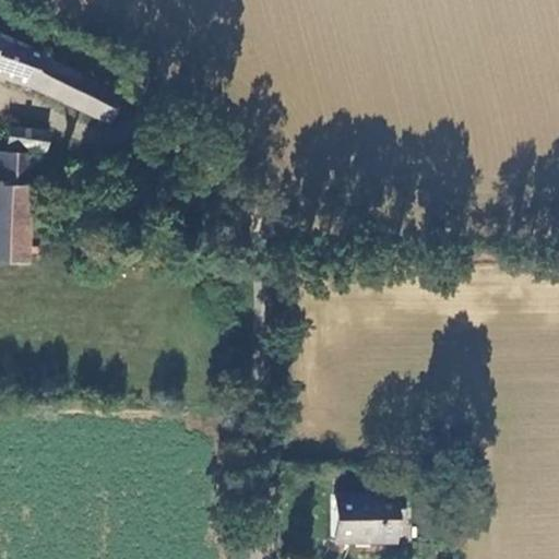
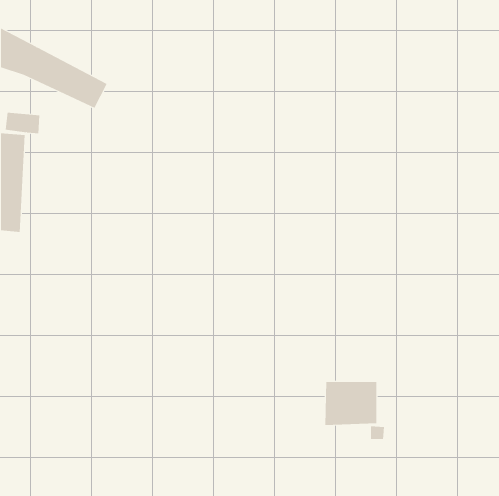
building: [332,496,391,545] -> [324,382,377,426]

